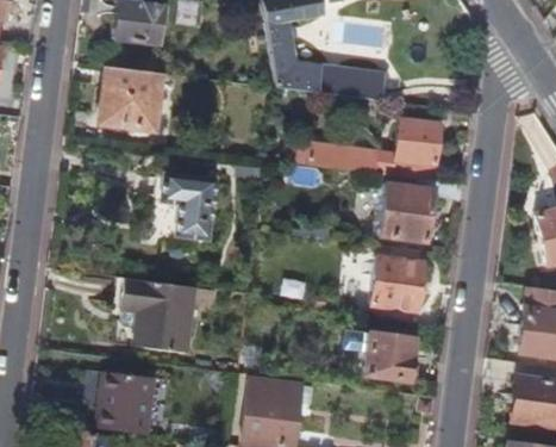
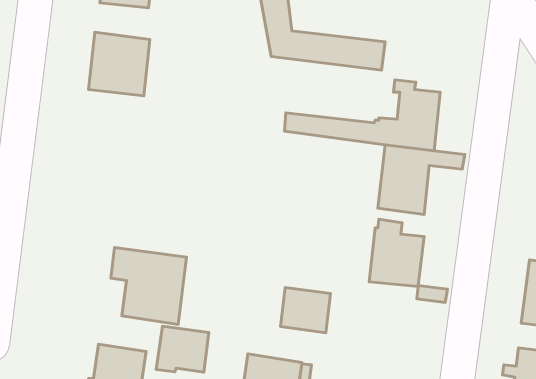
building: [165,174,220,242] -> none
building: [368,336,417,380] -> [280,287,331,333]
building: none -> [156,326,209,372]

